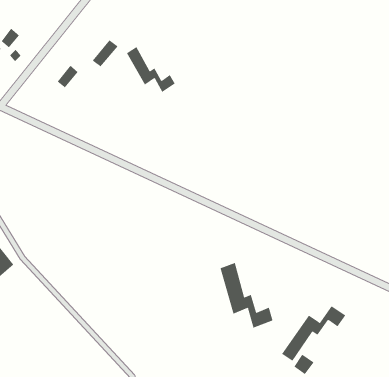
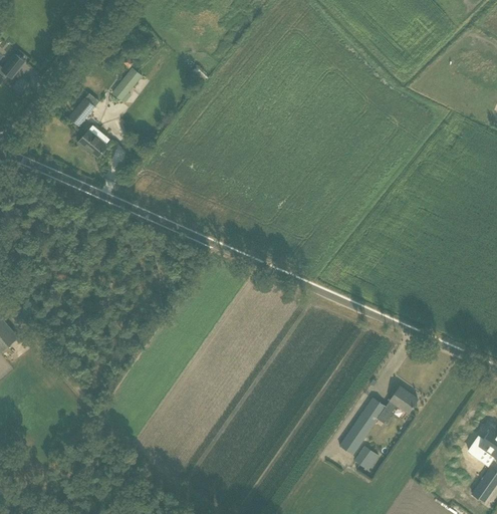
building: [126,46,175,93] -> none
building: none -> [78,130,106,157]
building: [220,262,273,329] -> none

